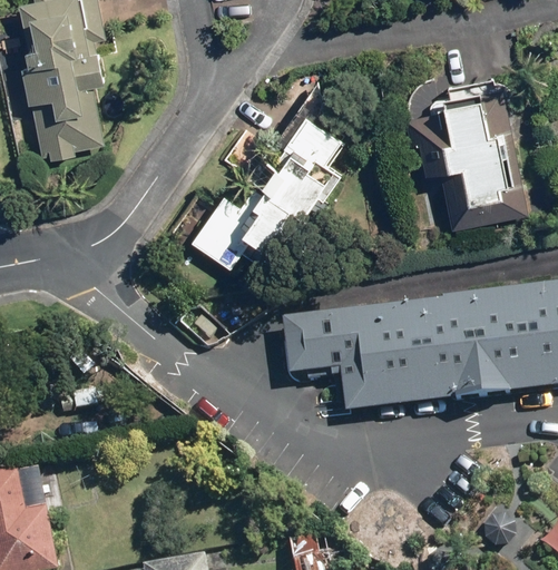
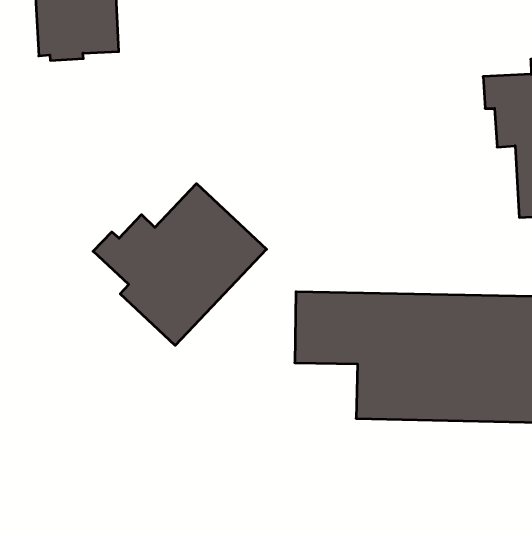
building: [190,114,345,267] -> none
building: none -> [93,184,267,345]

